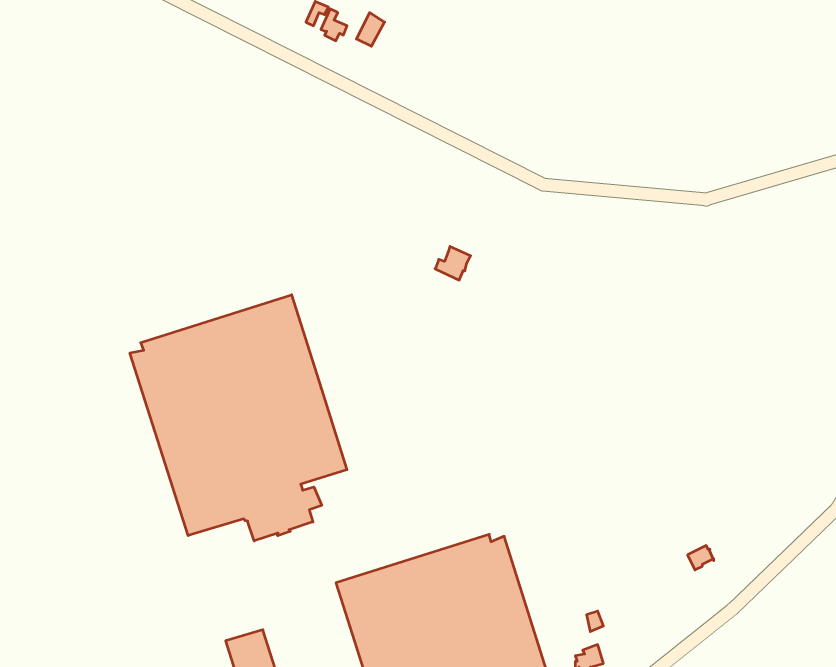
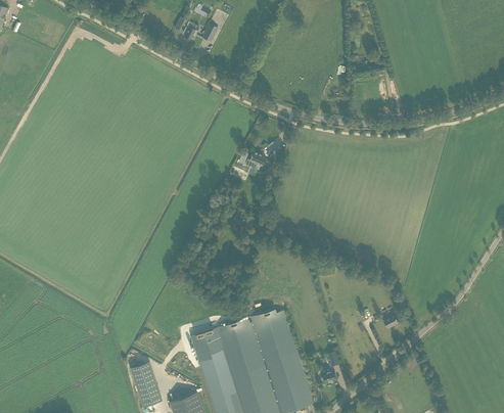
building: [130,295,347,541] -> none

